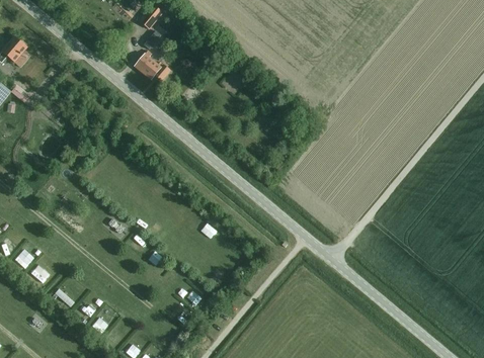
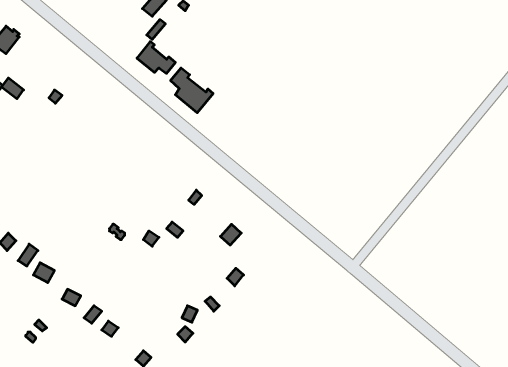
building: none -> [171,68,213,113]

